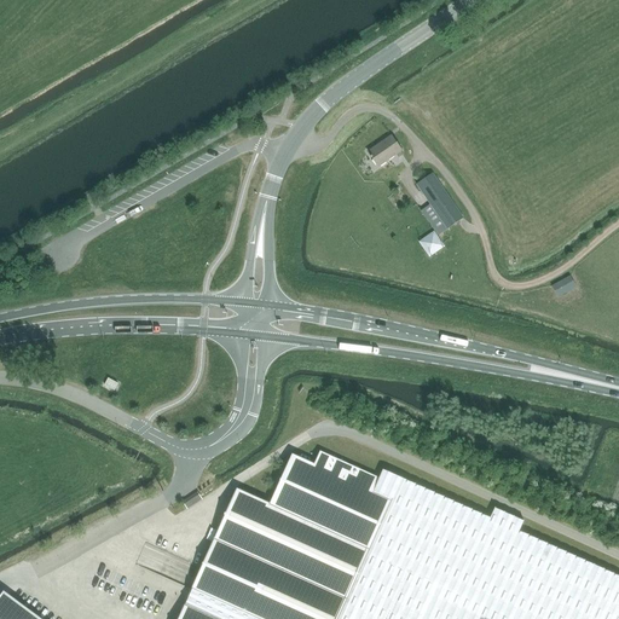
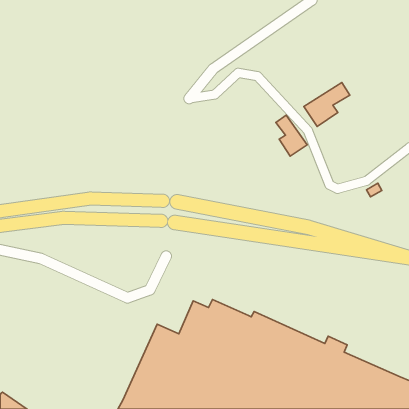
building: none -> [304,83,350,126]
building: [370,135,404,167] -> none

